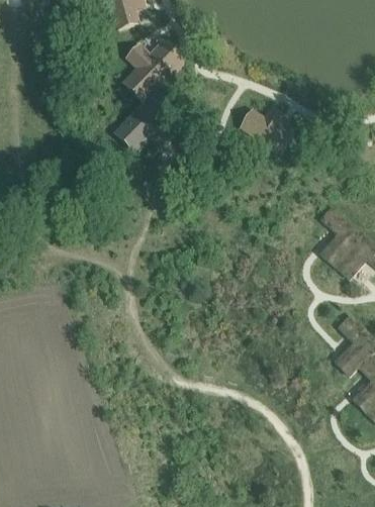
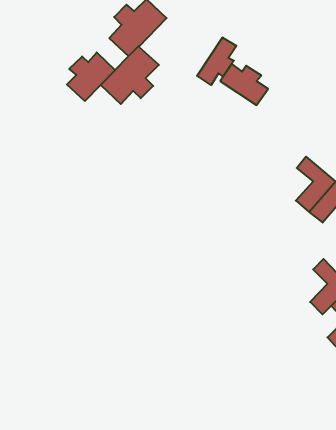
building: none -> [197,37,236,85]
building: none -> [67,52,115,101]

